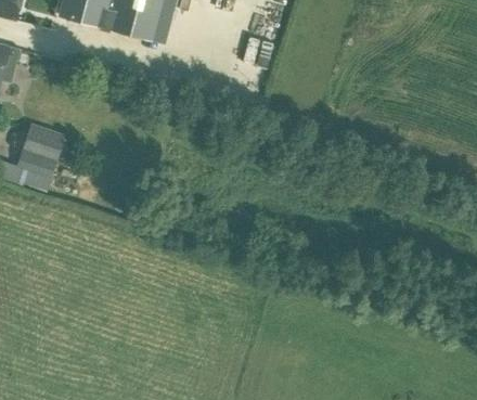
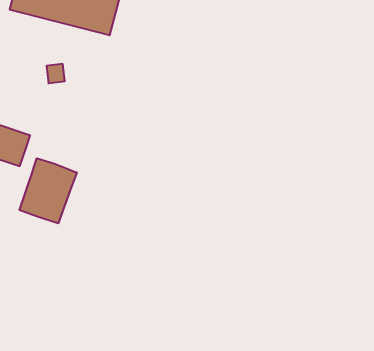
building: none -> [19,158,77,223]

